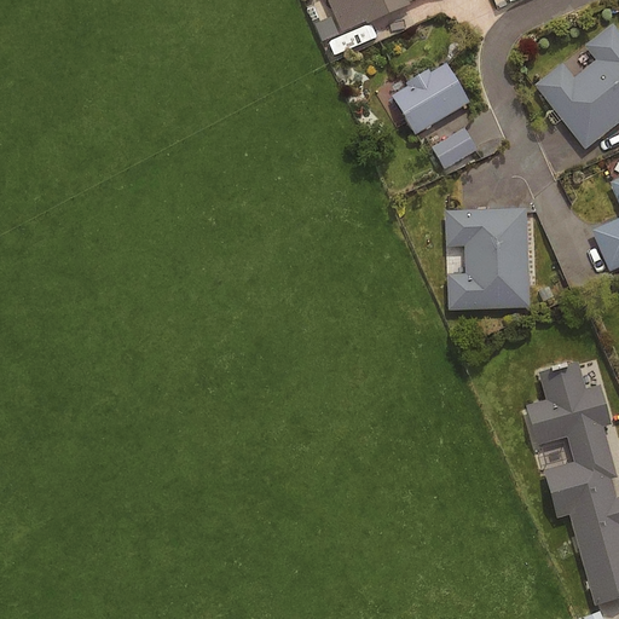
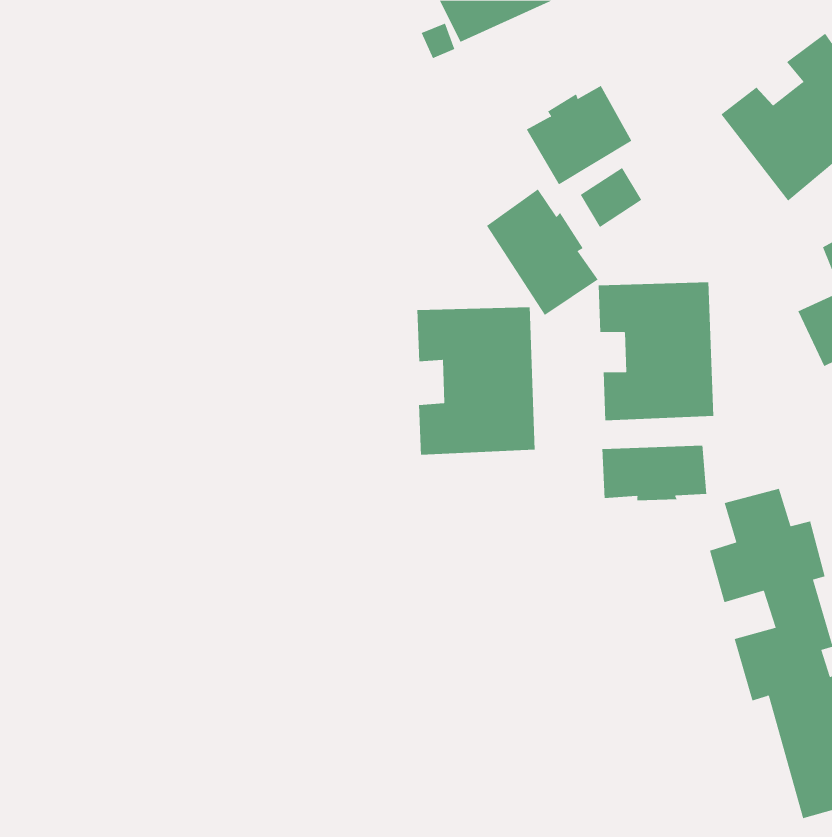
building: none -> [486,189,599,316]
building: none -> [417,306,535,455]
building: none -> [602,445,707,501]

